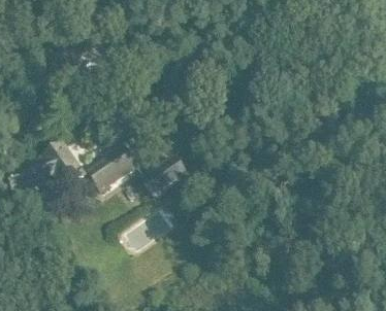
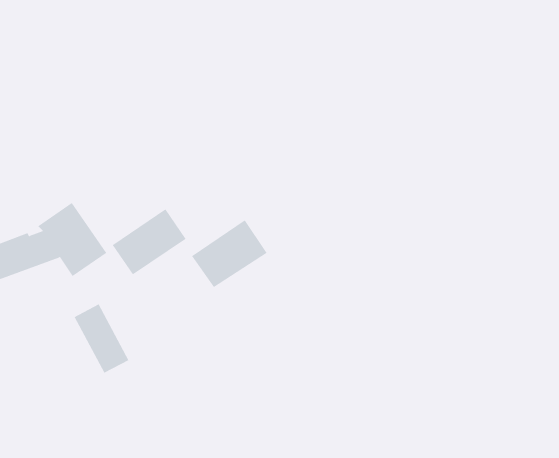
building: none -> [74,304,129,374]

